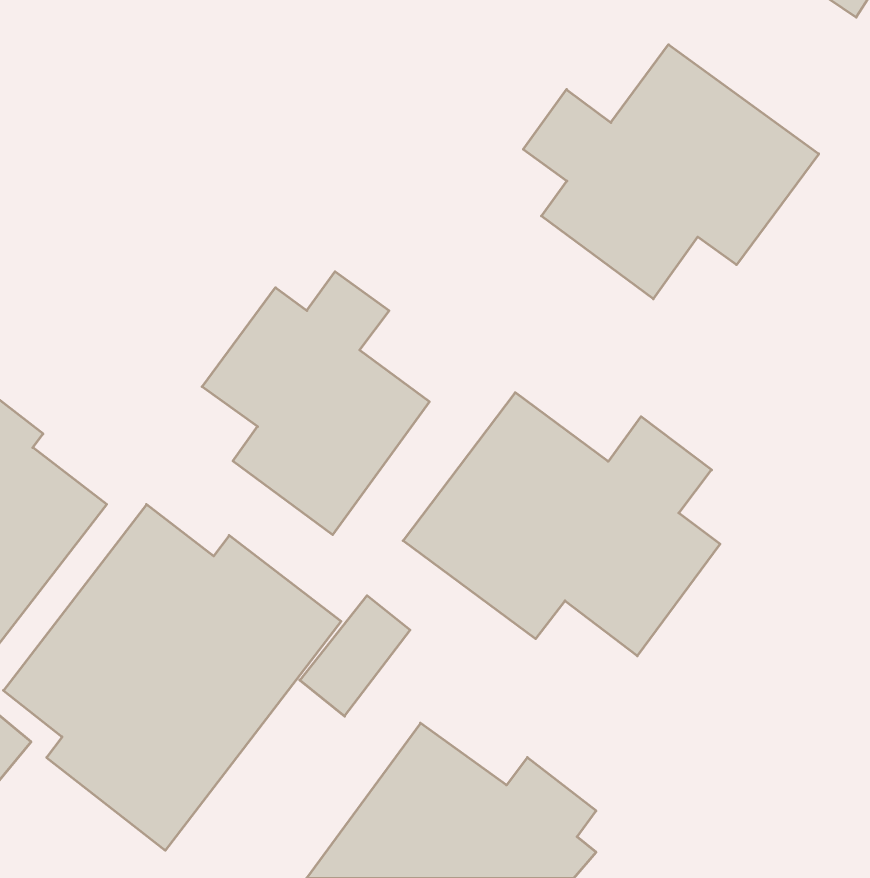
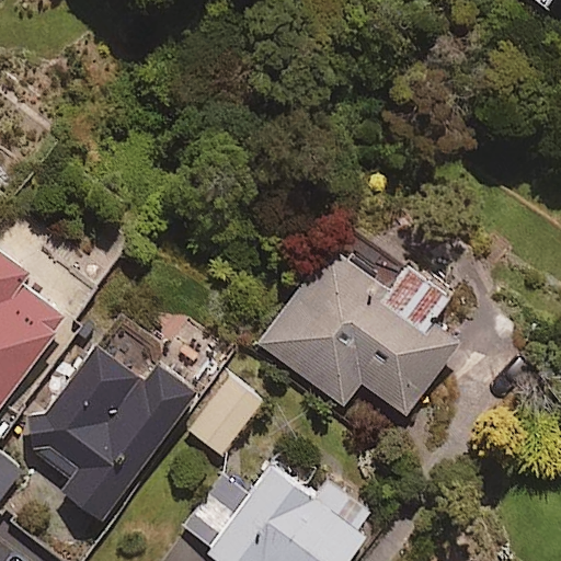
building: [523,45,819,299] -> none
building: [202,272,429,535] -> none

